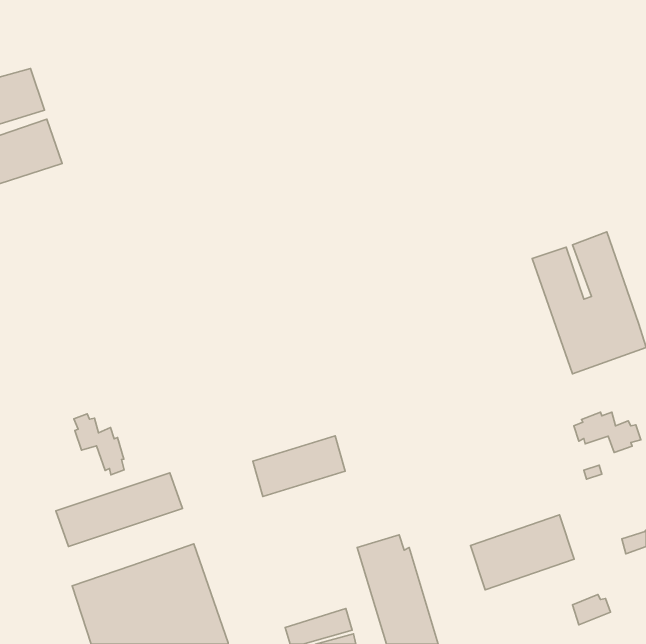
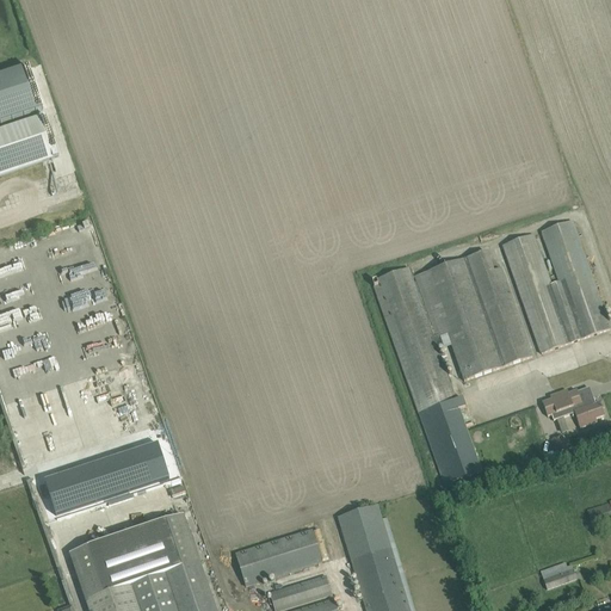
building: none -> [372,249,531,483]
building: [74,414,124,475] -> none
building: [253,436,345,497] -> [234,527,321,585]
building: [471,515,574,590] -> none

